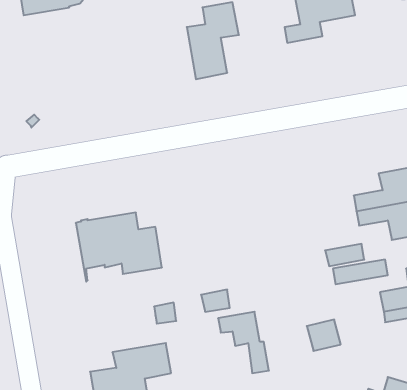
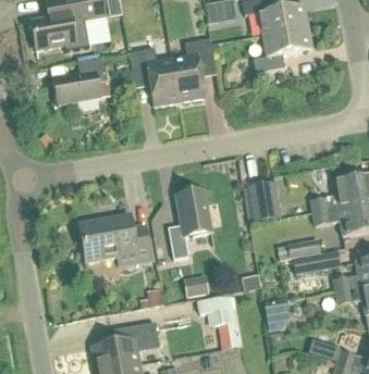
building: none -> [130,47,180,105]
building: none -> [51,54,108,105]
building: none -> [247,180,281,220]
building: none -> [169,188,211,258]

